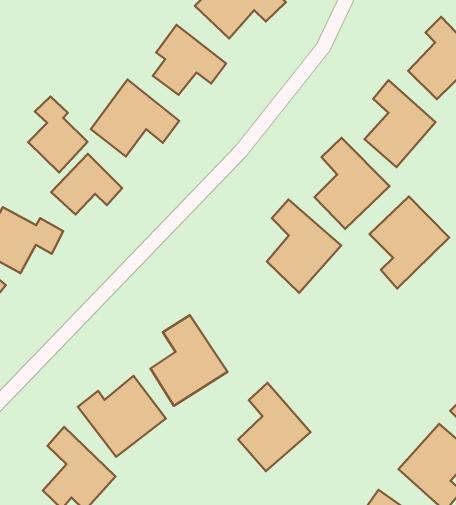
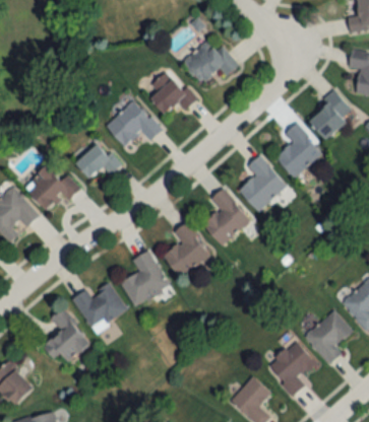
building: [28,97,87,172] -> none
building: [370,197,449,289] -> none
building: [238,383,310,471] -> [164,222,209,277]

